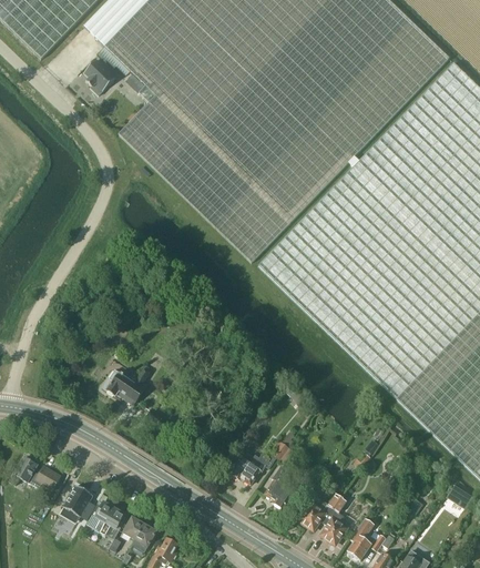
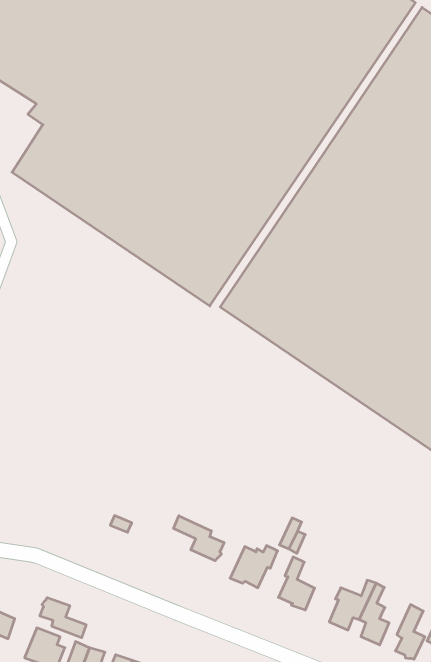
building: [102,366,150,404] -> none
building: none -> [174,516,224,561]
building: none -> [40,598,86,638]

